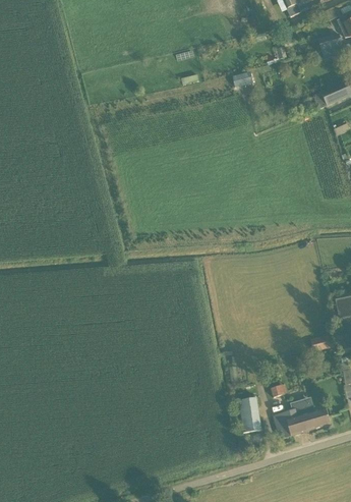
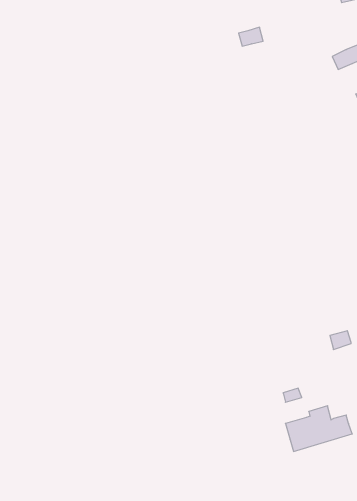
building: [239,396,260,431] -> none

